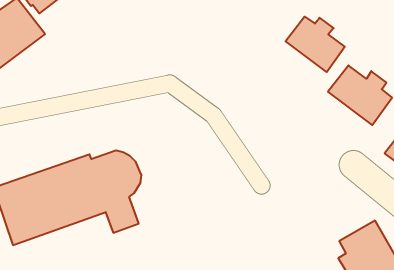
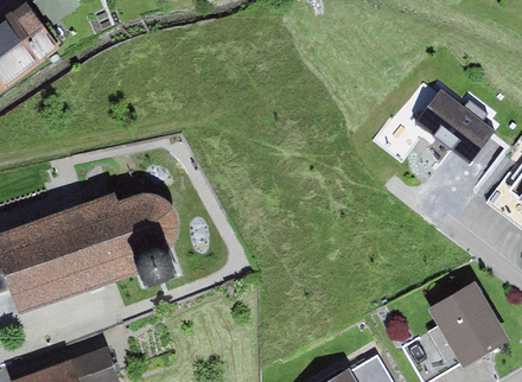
building: [286,17,345,72] -> none

